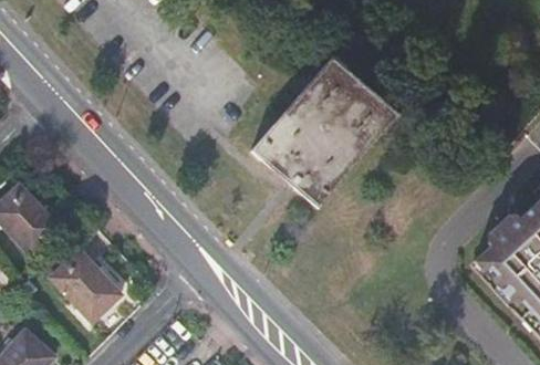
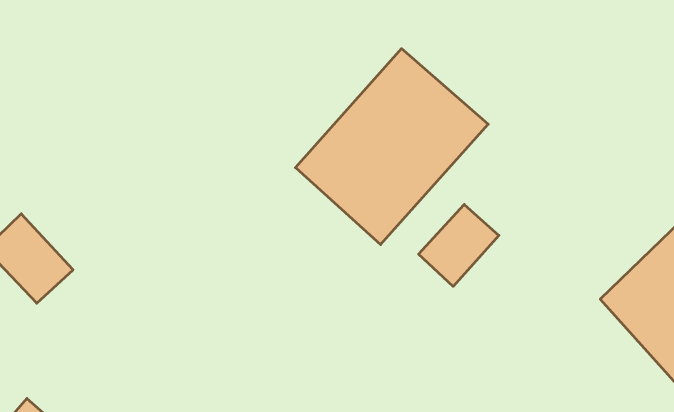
building: none -> [419,204,499,286]
building: [53,249,122,320] -> none

